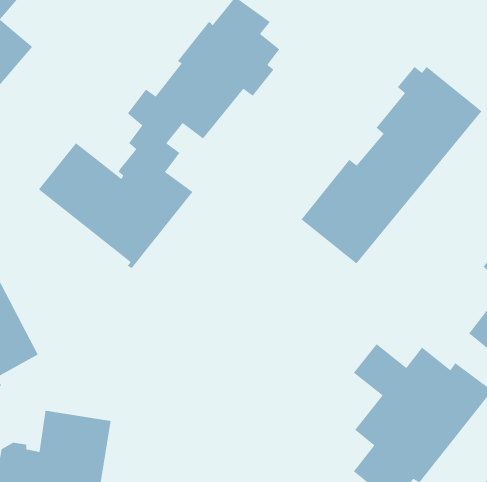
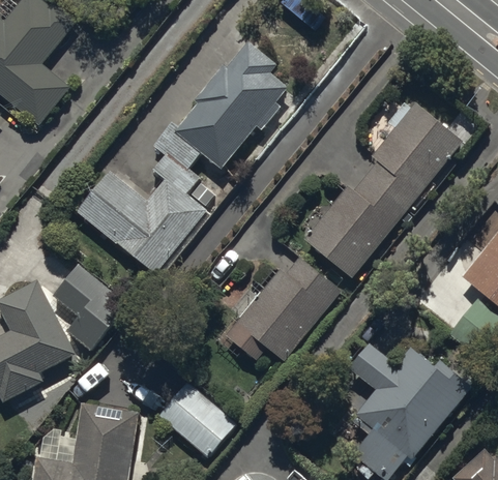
building: none -> [222,258,341,368]
building: none -> [54,265,128,352]
building: none -> [158,380,238,458]

